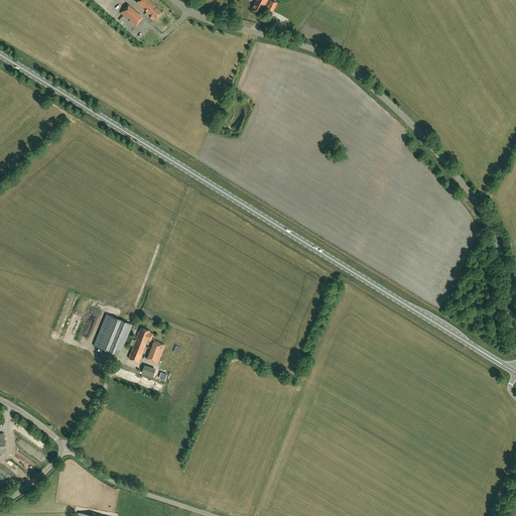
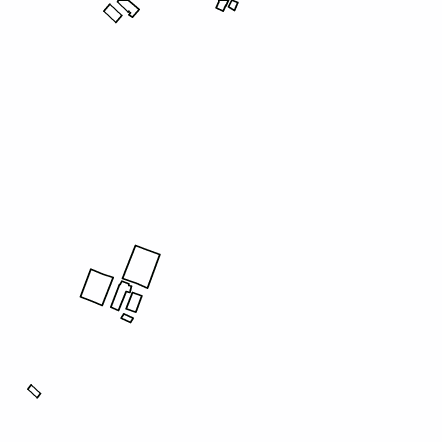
building: none -> [122,245,160,288]

